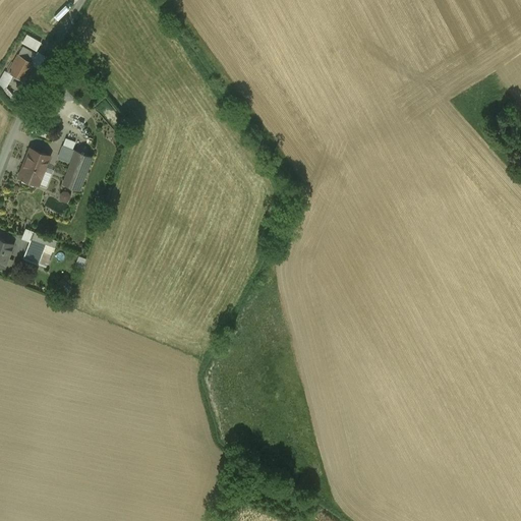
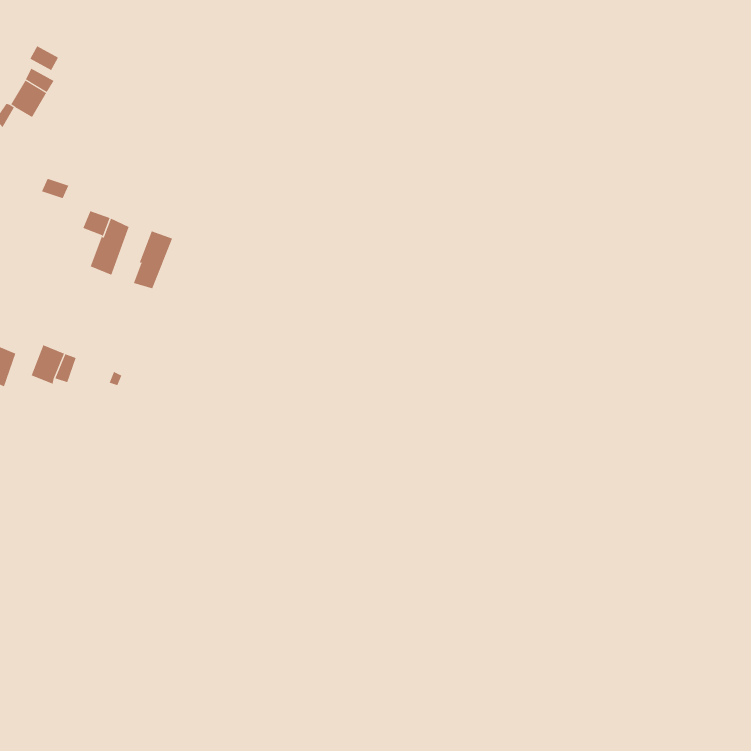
building: [17,149,49,186] -> none
building: none -> [133,230,173,289]

